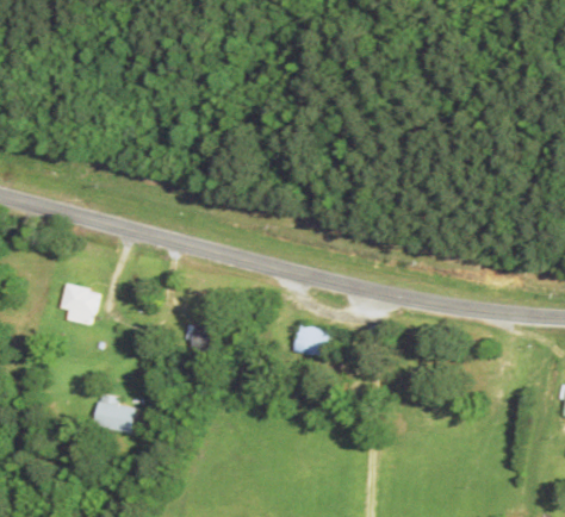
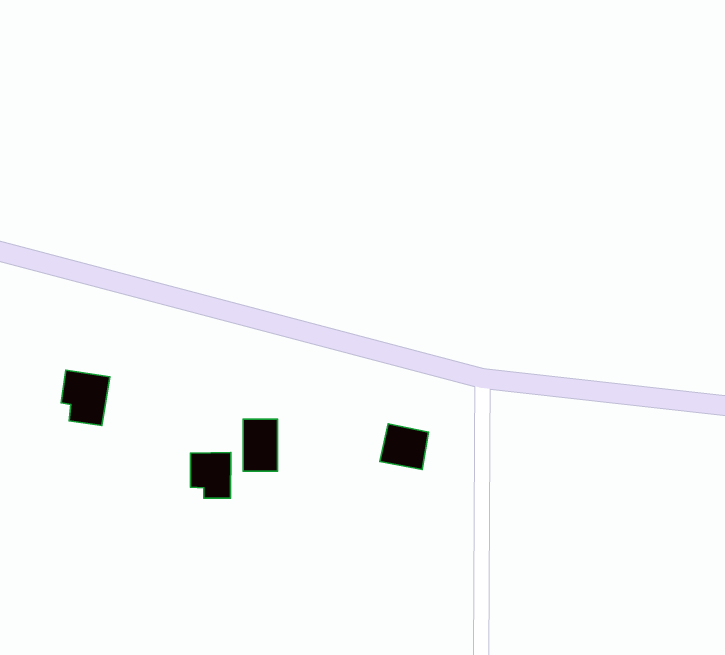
building: none -> [191,452,231,498]
building: [93,401,134,431] -> none

